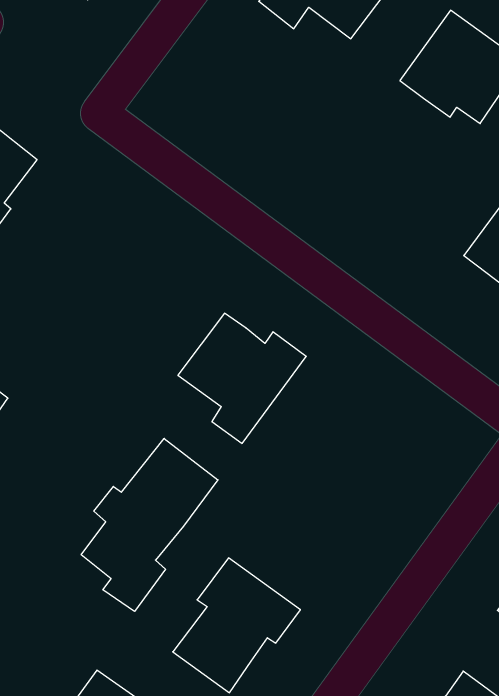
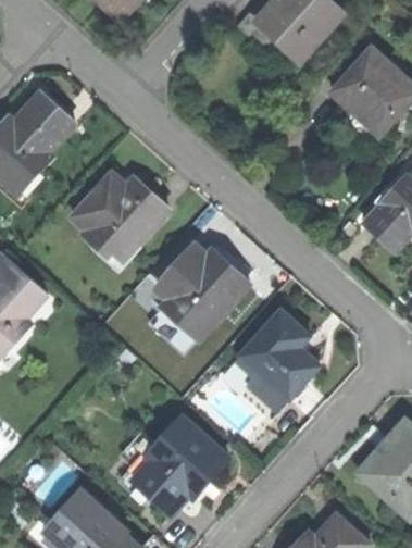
building: none -> [71,173,166,253]
building: none -> [240,310,319,410]
building: [81,438,218,611] -> none

